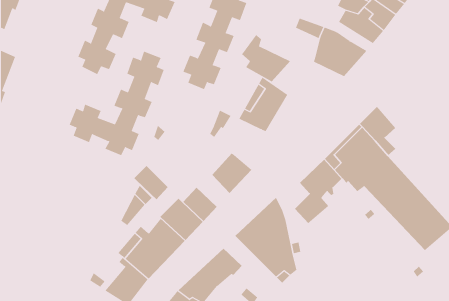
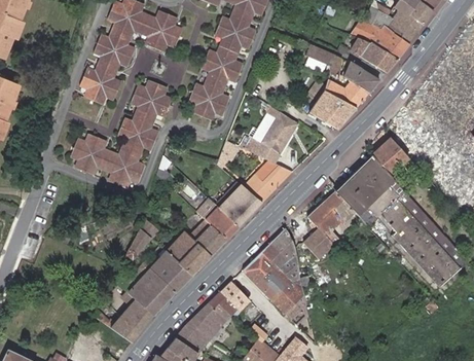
building: [241,34,291,82] -> [304,78,356,128]
building: none -> [243,160,292,203]
building: [133,165,168,200] -> [202,204,238,240]

